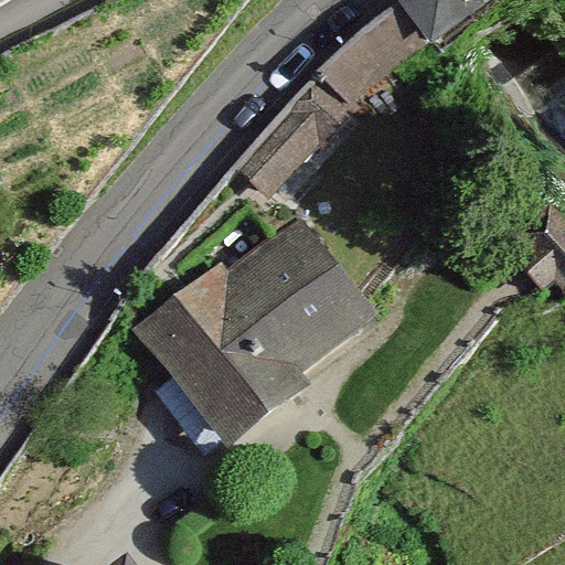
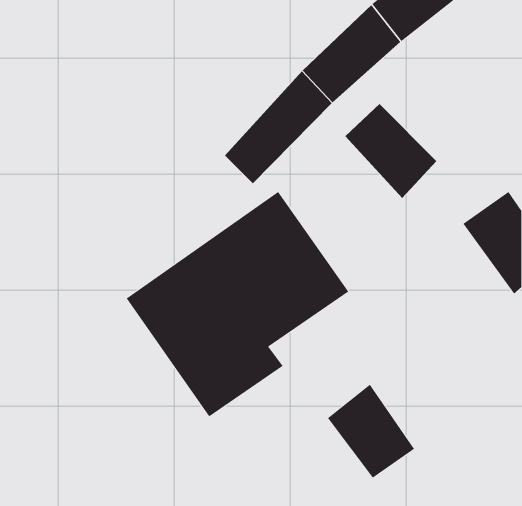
building: none -> [344,103,437,199]
building: none -> [327,384,415,479]

